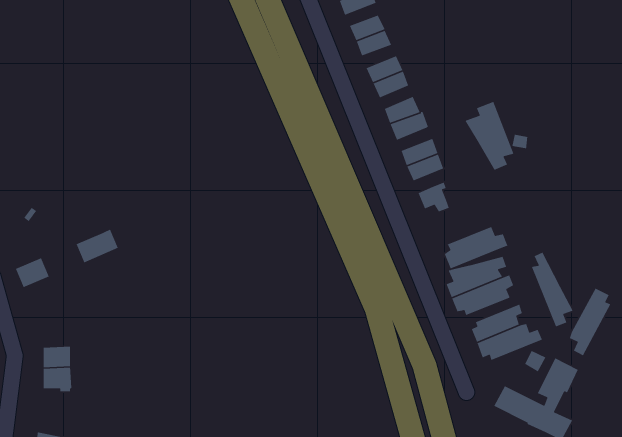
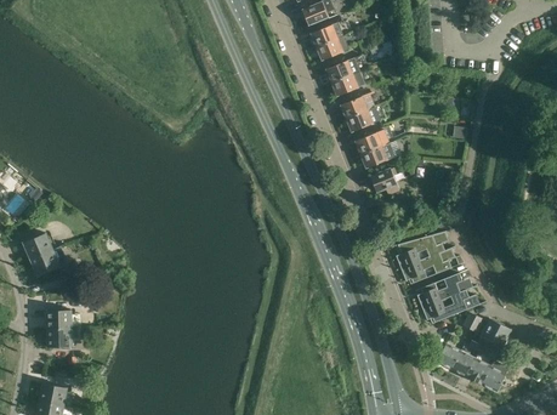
building: [464,101,514,171] -> none
building: [444,226,509,270] -> none
building: [75,228,119,264] -> [29,246,67,277]
building: [531,252,573,328] -> none
building: [569,288,611,356] -> none

